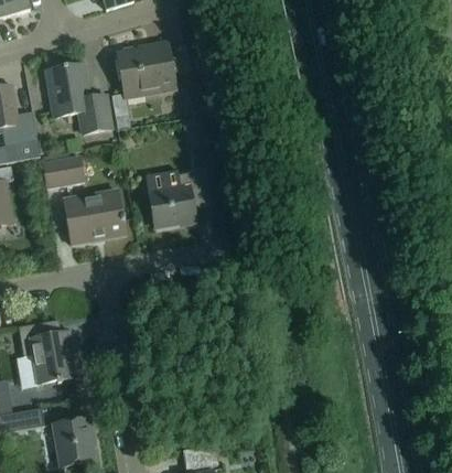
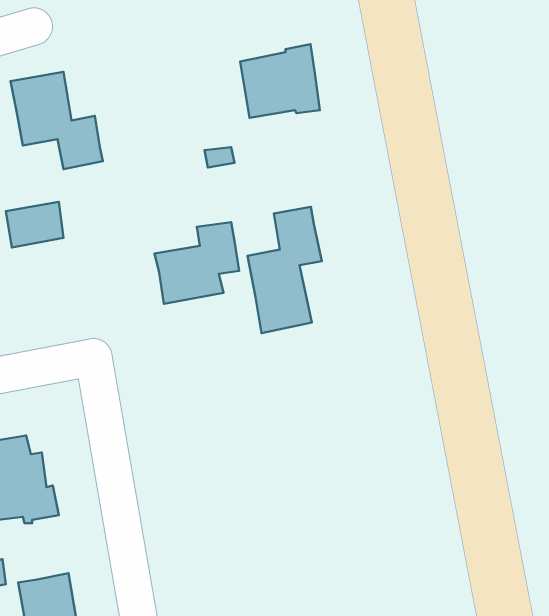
building: [118,43,174,95] -> [240,44,320,118]
building: none -> [247,207,322,333]
building: [63,191,125,246] -> none

